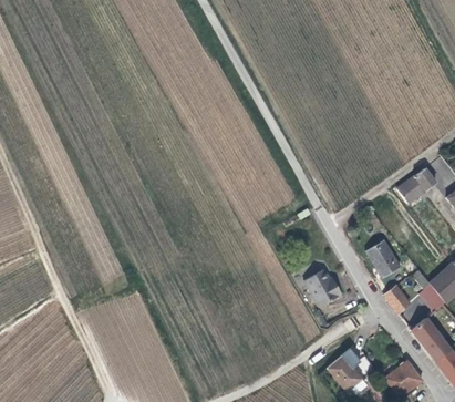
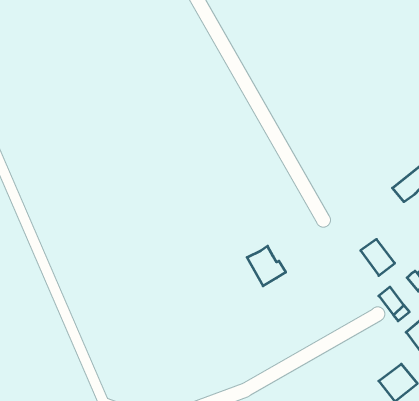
building: [304,269,342,308] -> [247,246,286,286]
building: [328,355,362,392] -> none

